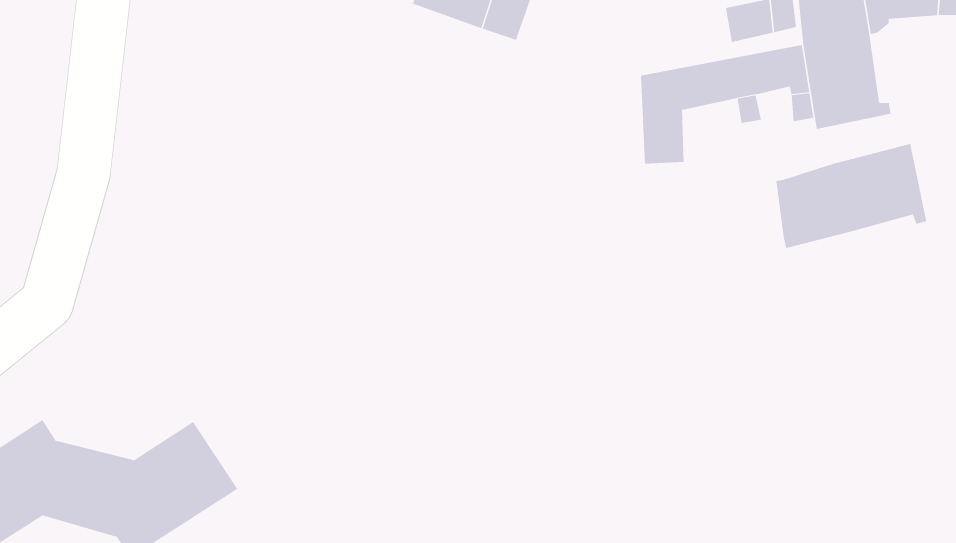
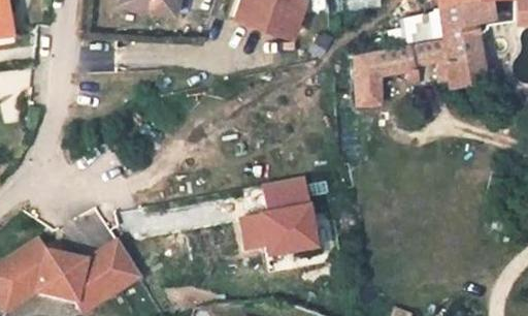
building: [776,143,927,249] -> none
building: none -> [244,177,322,256]

